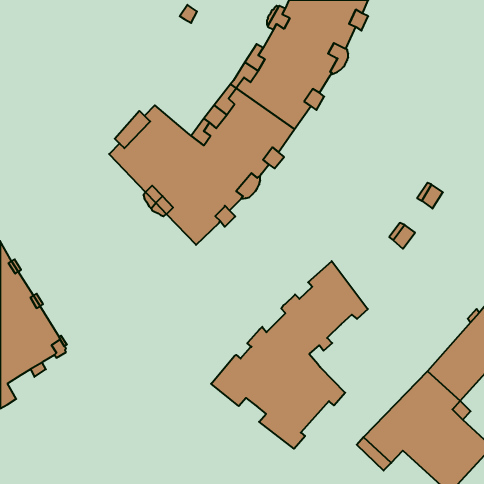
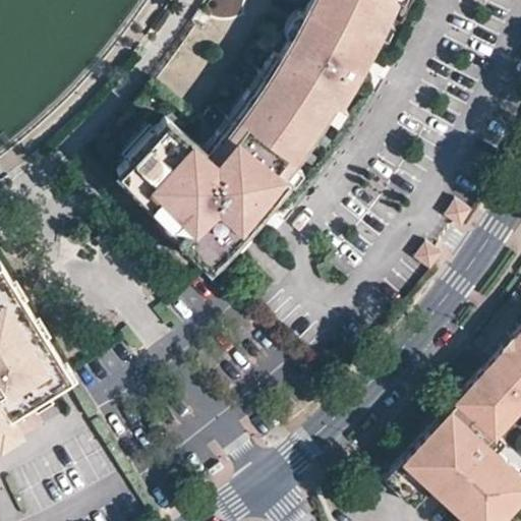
building: [211,261,368,449] -> none

